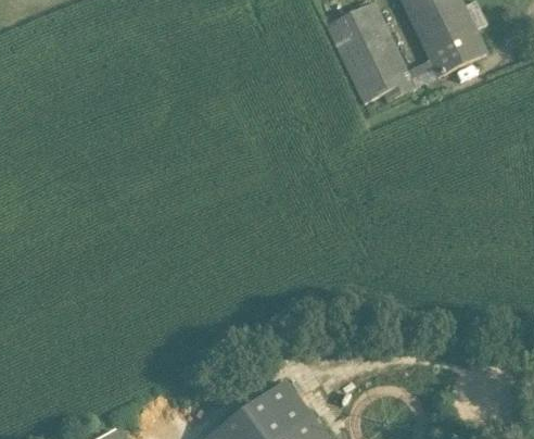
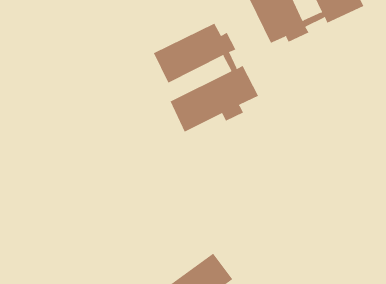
building: none -> [153,23,259,132]

